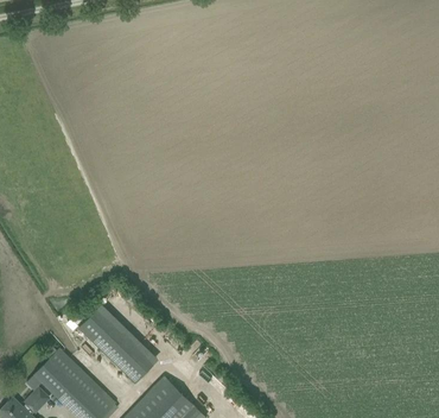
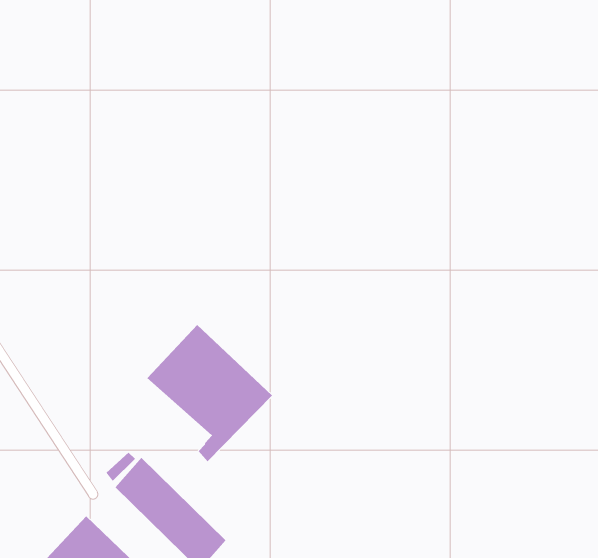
building: none -> [147,324,273,462]

